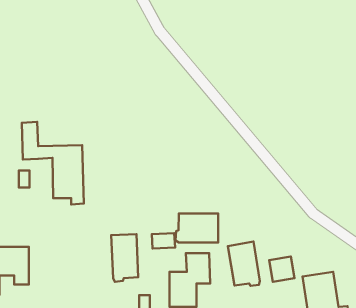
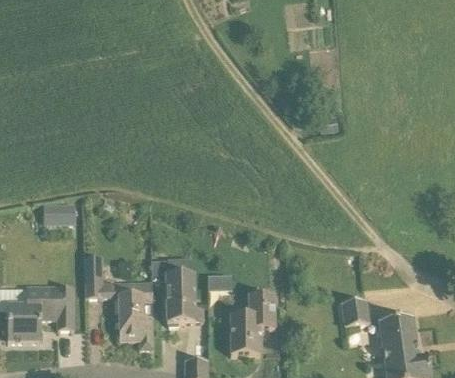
building: [22,122,84,205] -> [83,256,152,348]
building: [176,214,218,242] -> none
building: [228,242,260,286] -> none

